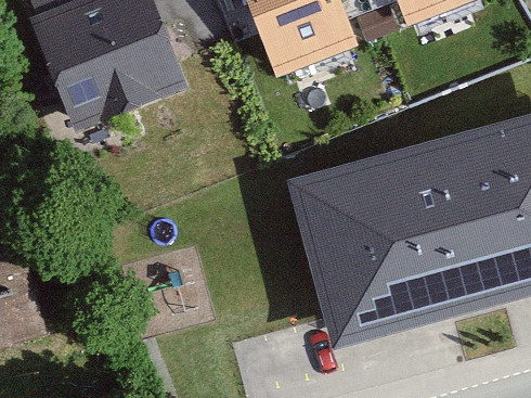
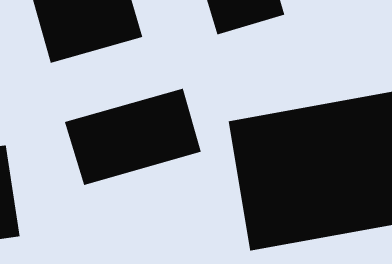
building: none -> [64,88,202,186]

